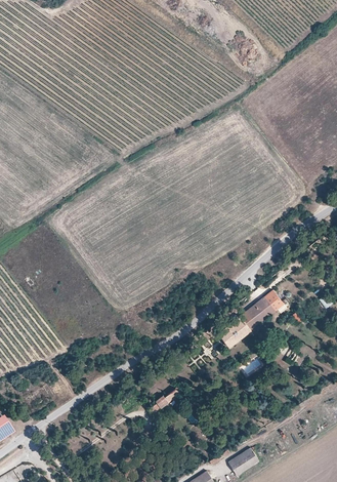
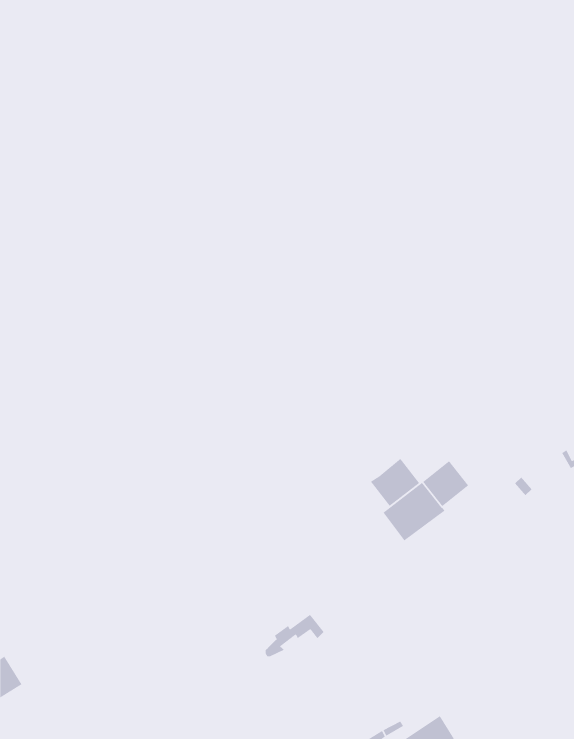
building: [255,289,284,317] -> [370,458,420,507]

